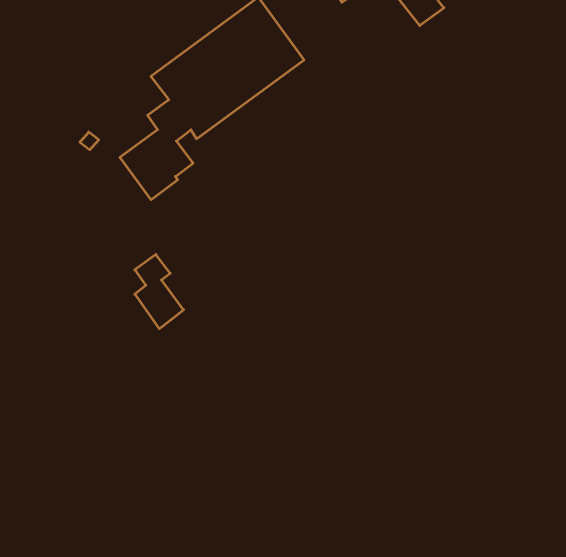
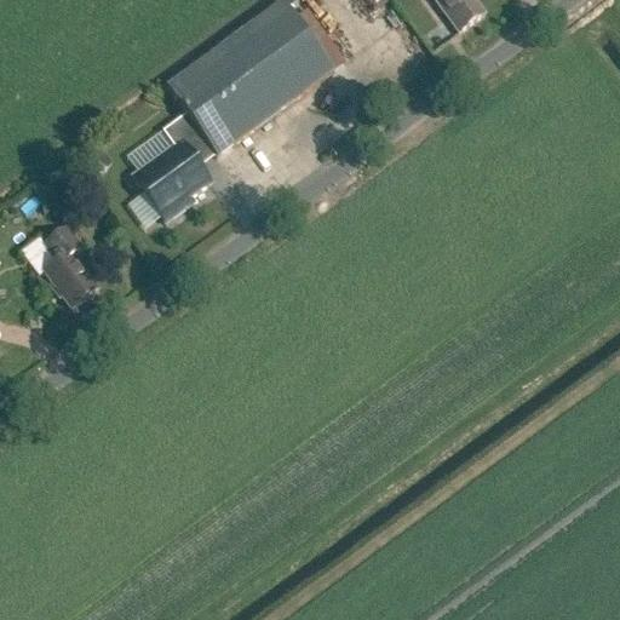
building: [135,254,184,329] -> [44,224,97,305]

